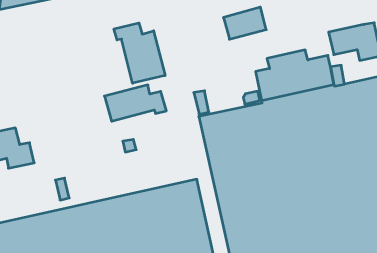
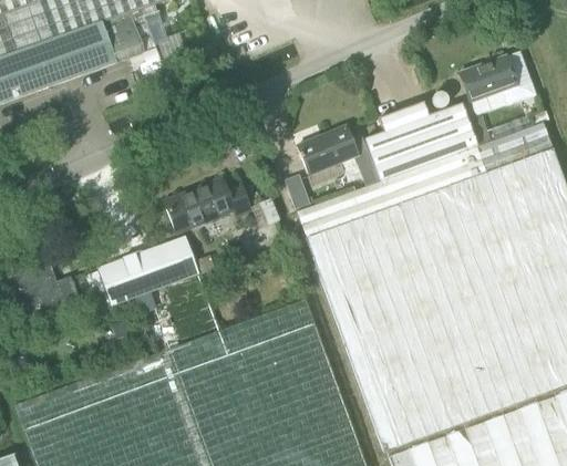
building: [223,7,266,39] -> [298,127,359,177]
building: [114,23,165,83] -> none
building: none -> [86,238,199,319]

